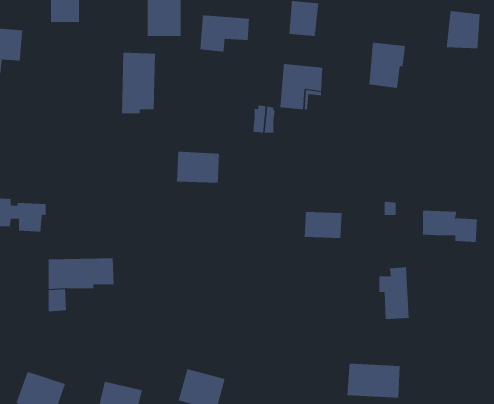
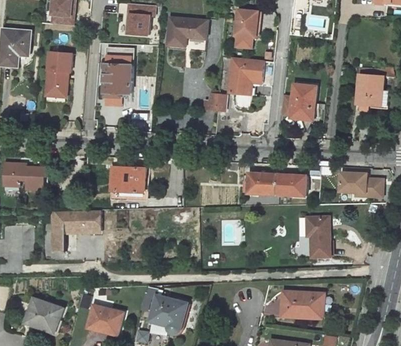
building: [446,10,481,49] -> [356,75,383,105]
building: [368,42,406,88] -> [291,85,320,121]
building: none -> [46,52,73,93]
building: [176,151,220,183] -> [111,166,145,191]
building: none -> [277,174,306,195]

